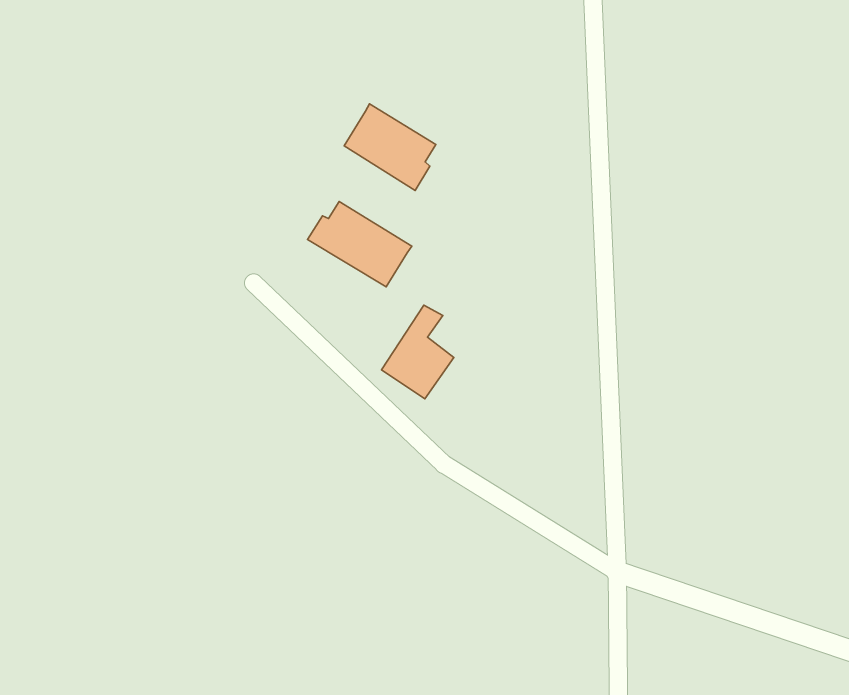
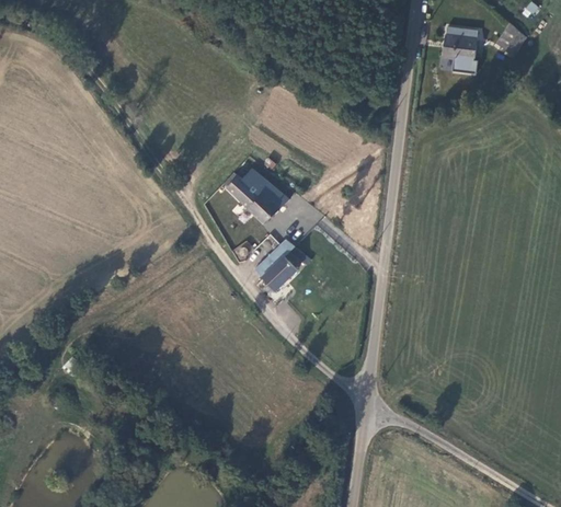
building: [344,104,436,191] -> none

